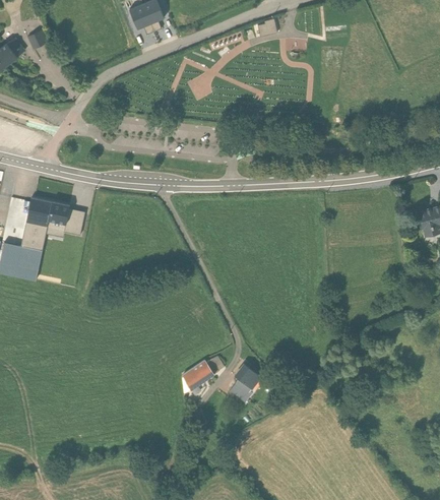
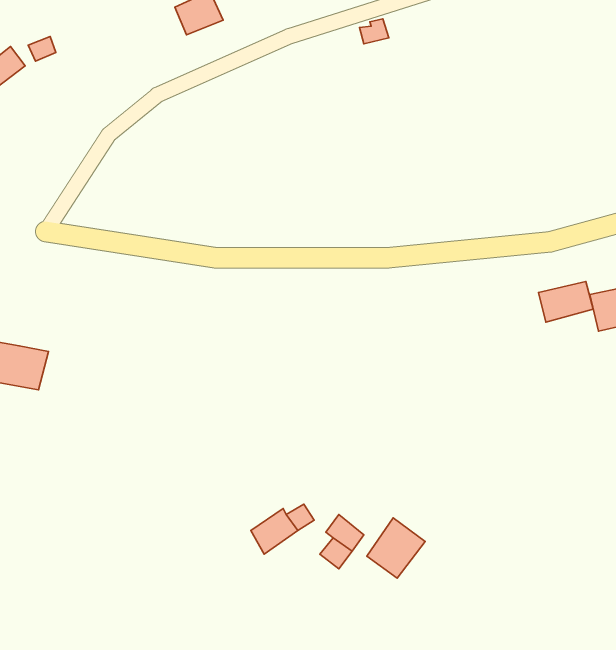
building: [21,198,74,250] -> none
building: none -> [539,282,593,322]
building: none -> [367,518,425,578]

